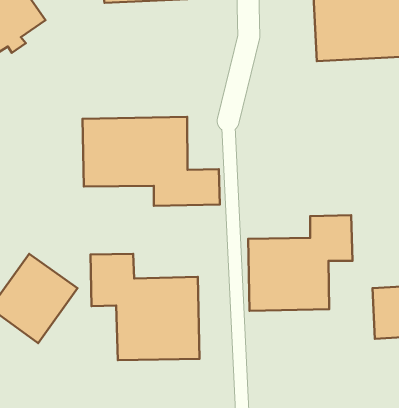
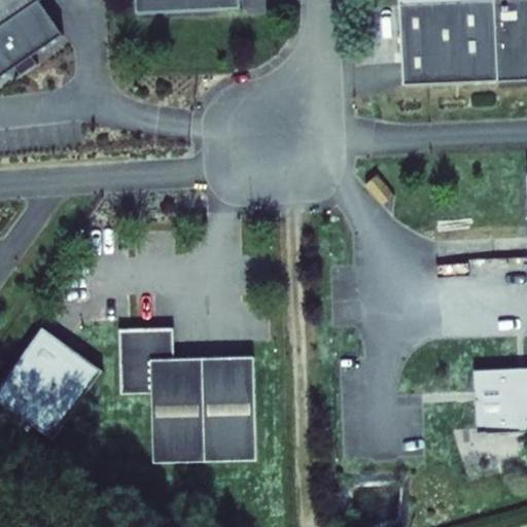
building: [83,117,220,206] -> none
building: [248,215,352,311] -> none

